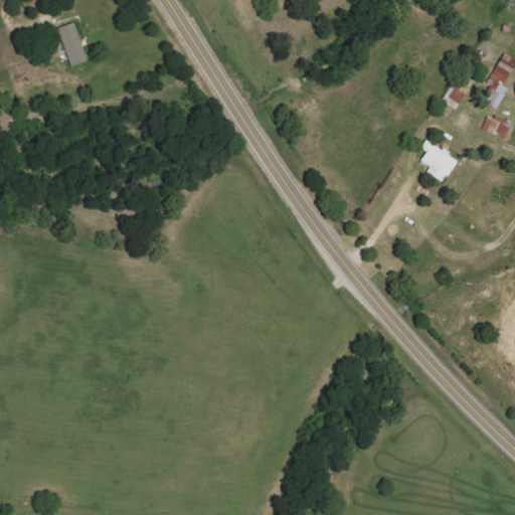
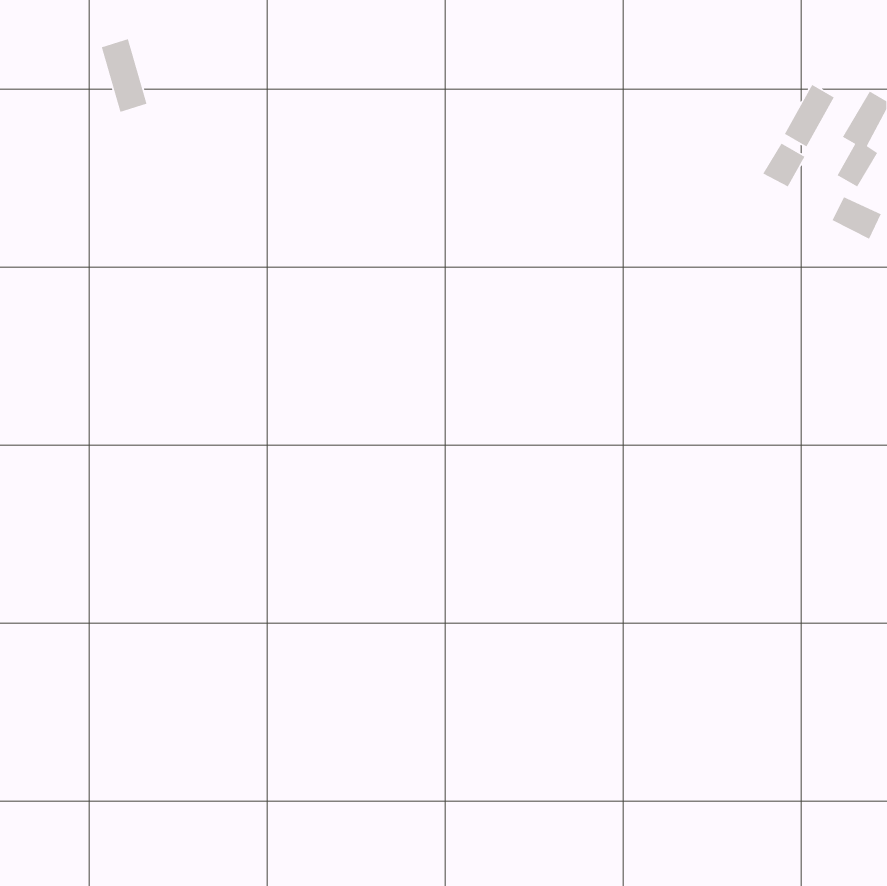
building: none -> [784,84,835,148]
building: [420,140,458,182] -> none

